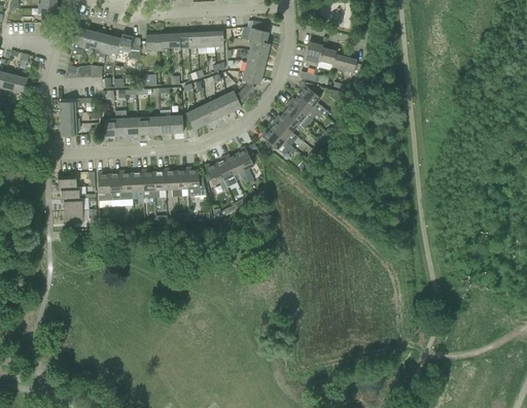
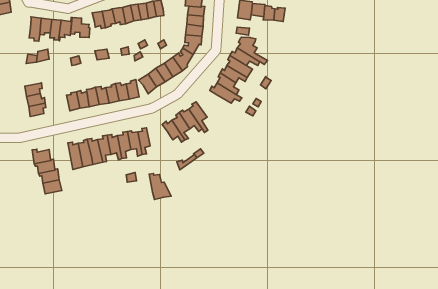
building: [186,167,207,196] -> [149,173,171,200]

